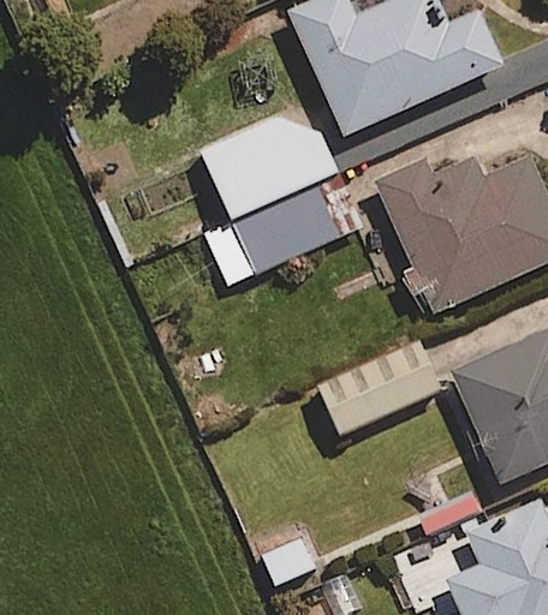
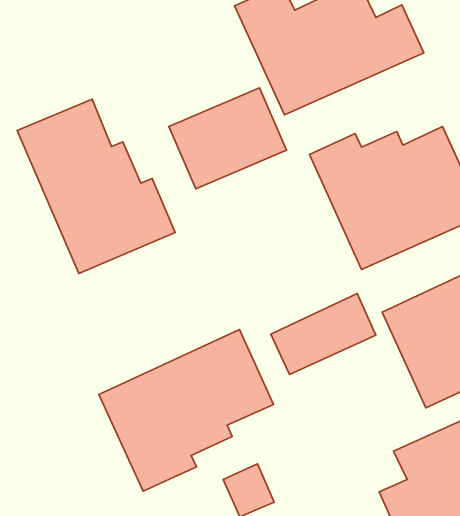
building: none -> [17,99,175,273]
building: [212,192,346,289] -> none
building: none -> [99,330,274,491]

